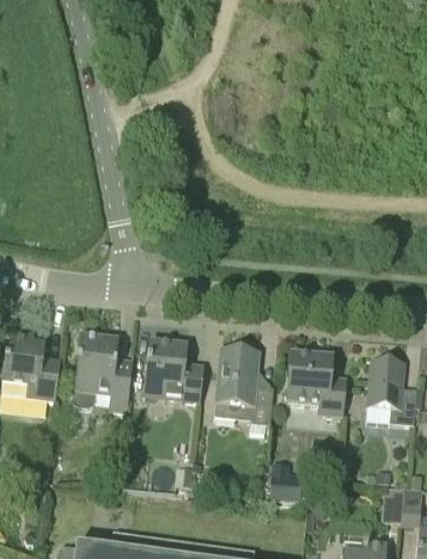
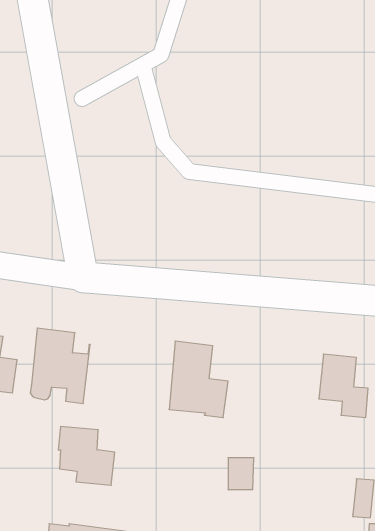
building: [146,344,203,404] -> [58,426,115,485]
building: [286,356,346,418] -> none

